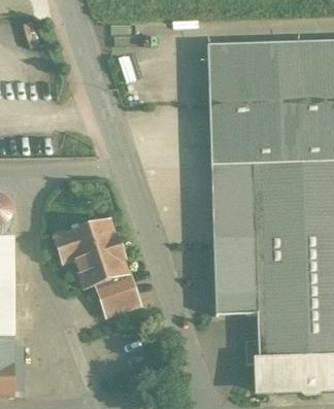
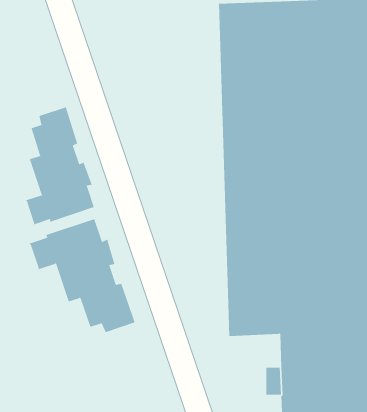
building: none -> [25,106,95,226]

